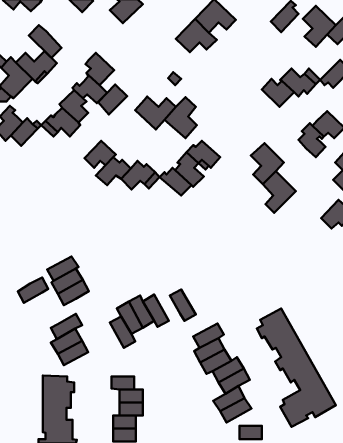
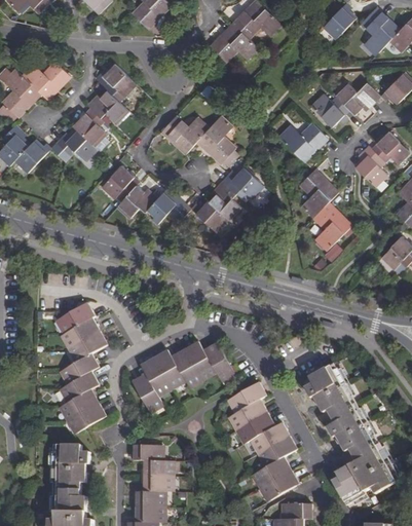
building: [29,25,61,58] -> none
building: [98,85,127,114] -> none
building: none -> [277,121,326,160]
building: [18,278,48,303] -> [63,353,99,383]
building: none -> [184,341,215,379]

